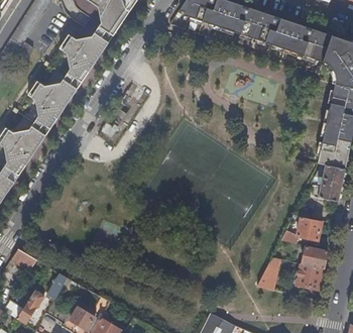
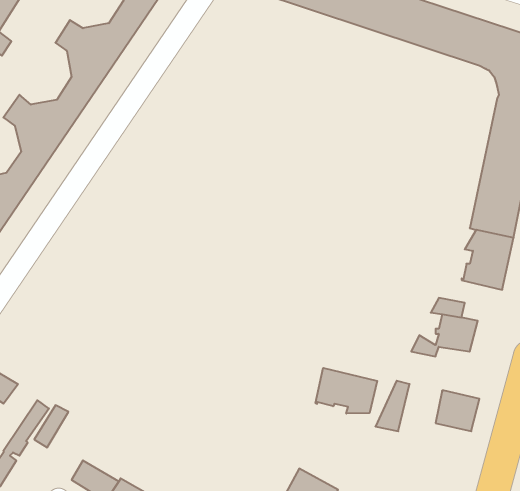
building: [302,244,328,268] -> none
building: none -> [316,368,377,414]

